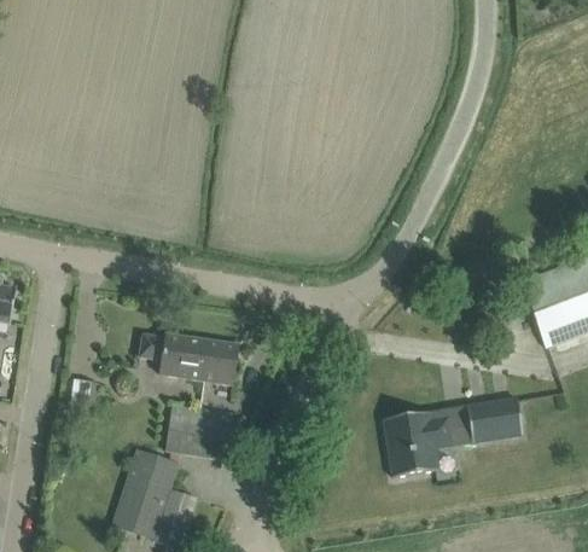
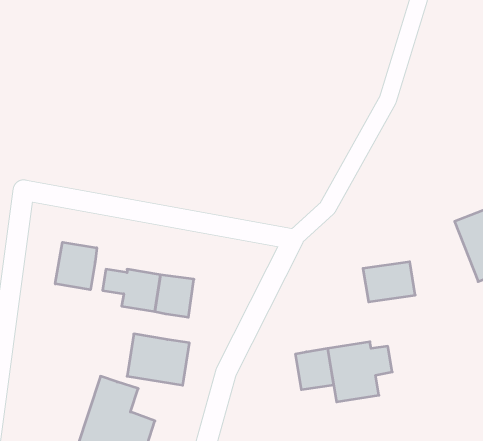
building: none -> [55,242,97,290]
building: [466,399,523,442] -> [363,262,415,302]
building: none -> [296,348,333,390]

